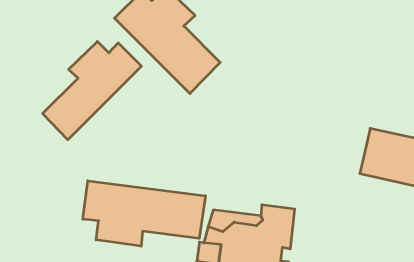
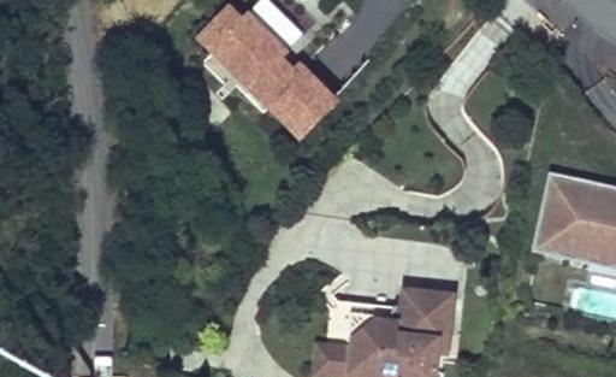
building: [43,41,141,140] -> none
building: [83,181,205,246] -> none

